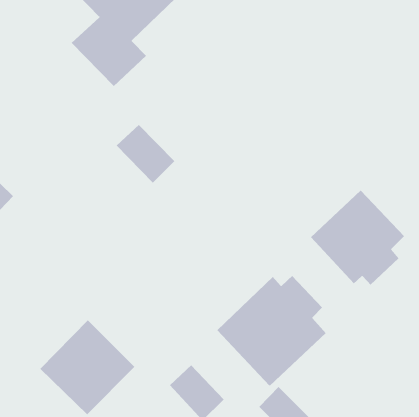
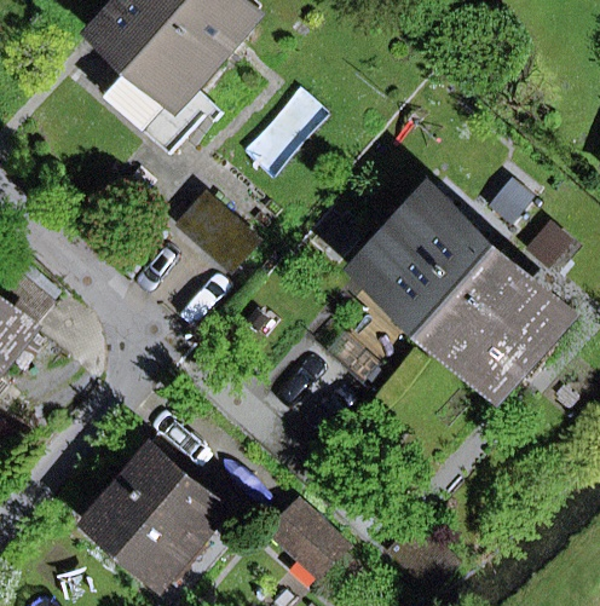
building: none -> [370,200,497,324]
building: [216,275,327,386] -> none

